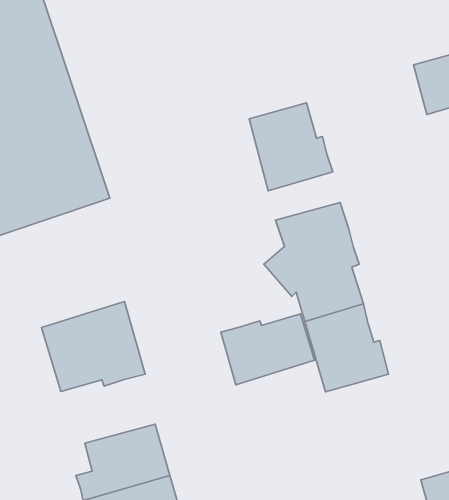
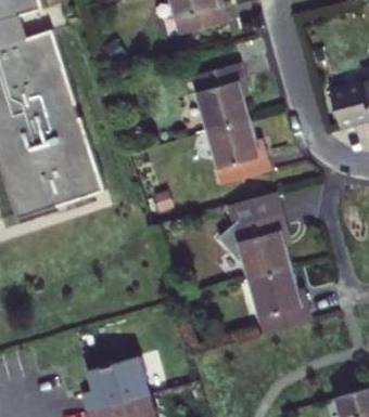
building: none -> [191,63,250,131]
building: [42,301,145,392] -> none
building: [221,314,315,385] -> none

